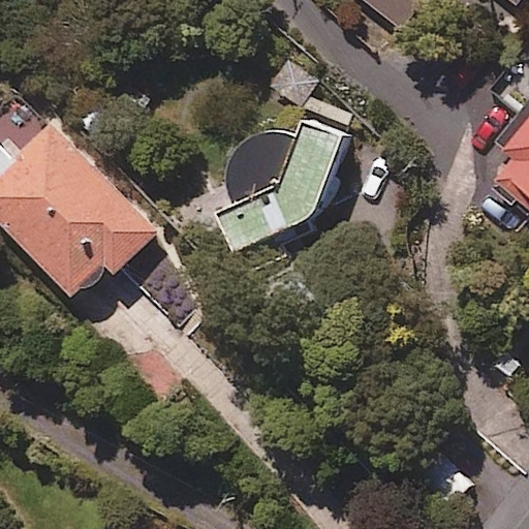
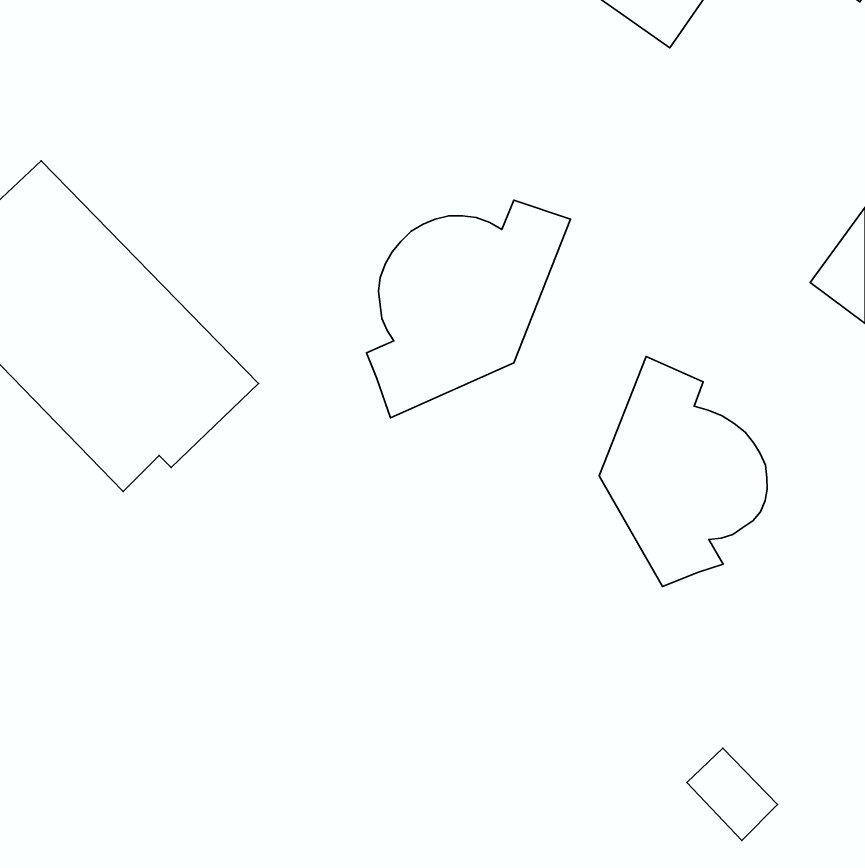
building: none -> [599,357,767,586]

